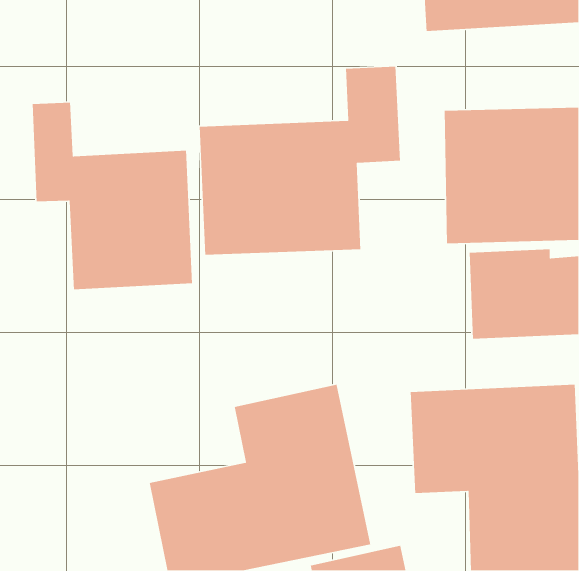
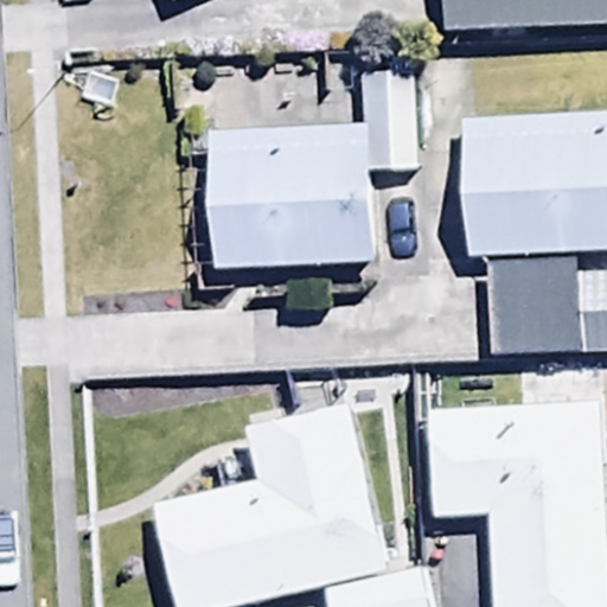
building: [32,102,193,290] -> none

